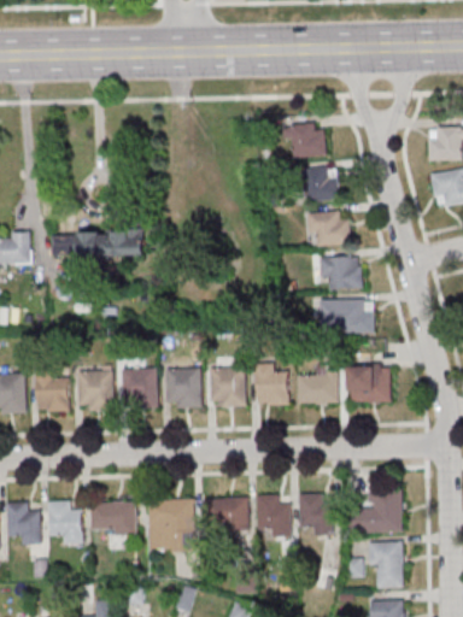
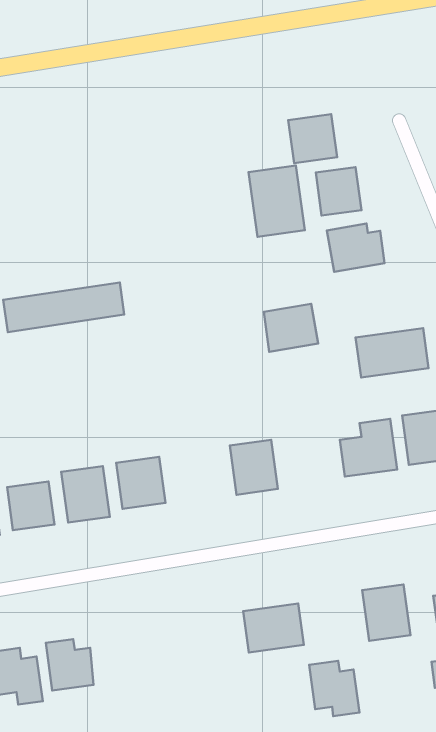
building: none -> [248,166,305,237]
building: [322,255,361,288] -> [264,304,318,352]
building: [254,364,288,406] -> none
building: [166,370,200,409] -> none
building: [257,495,291,537] -> [309,661,359,716]
building: [148,500,194,551] -> none
building: [90,501,136,533] -> none

